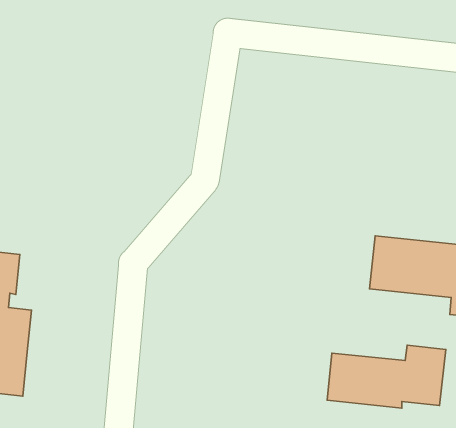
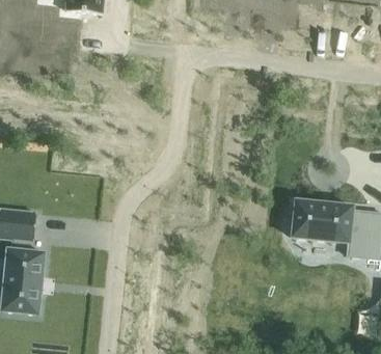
building: [327,345,446,408] -> none

